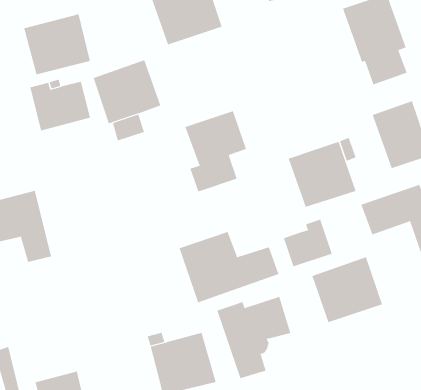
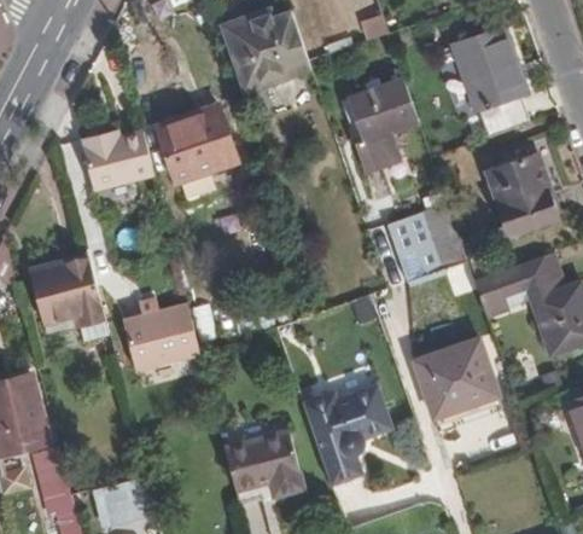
building: [24,14,90,75] -> none
building: [184,110,247,192] -> [345,79,419,175]
building: [283,219,333,267] -> none
building: none -> [121,304,199,371]
building: [179,231,279,303] -> none

